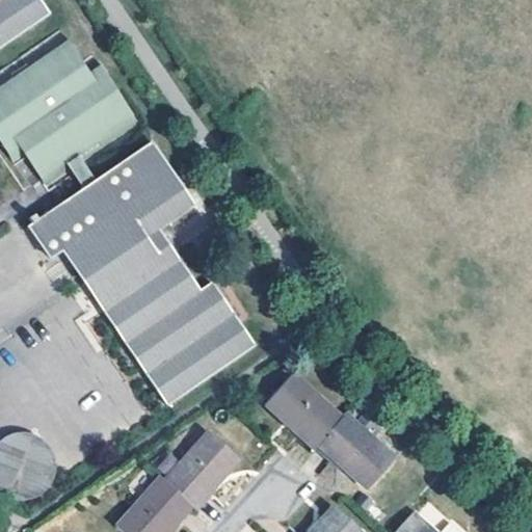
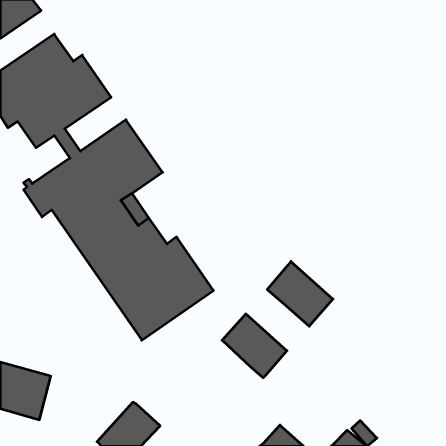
building: [317,413,395,489] -> [267,261,333,326]
building: [163,432,239,509] -> none

